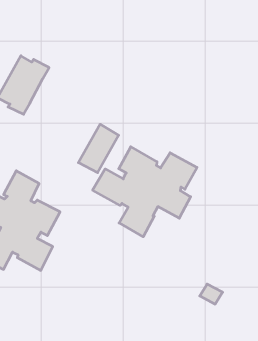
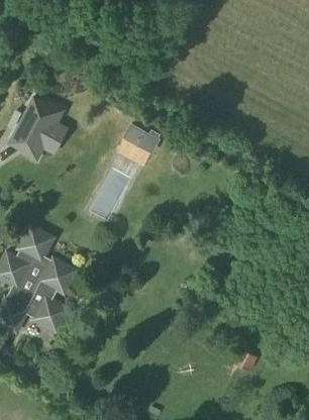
building: none -> [122,122,161,154]
building: [93,147,197,237] -> none

